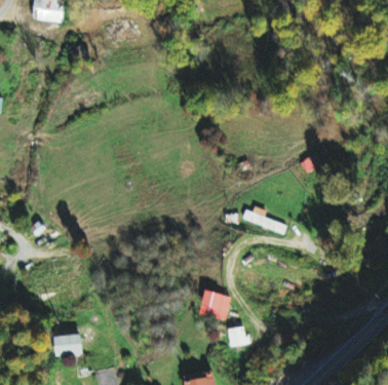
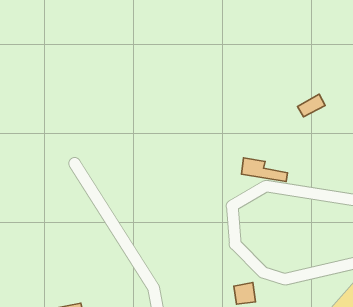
building: [198,290,230,321] -> none

